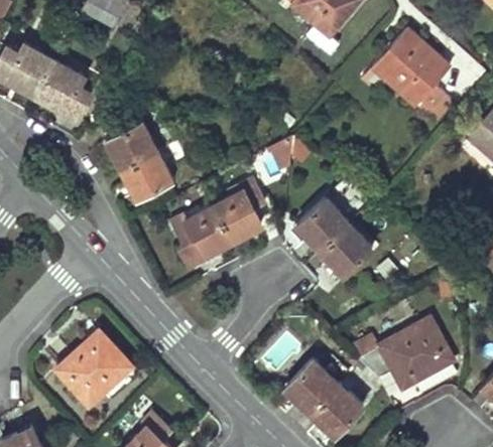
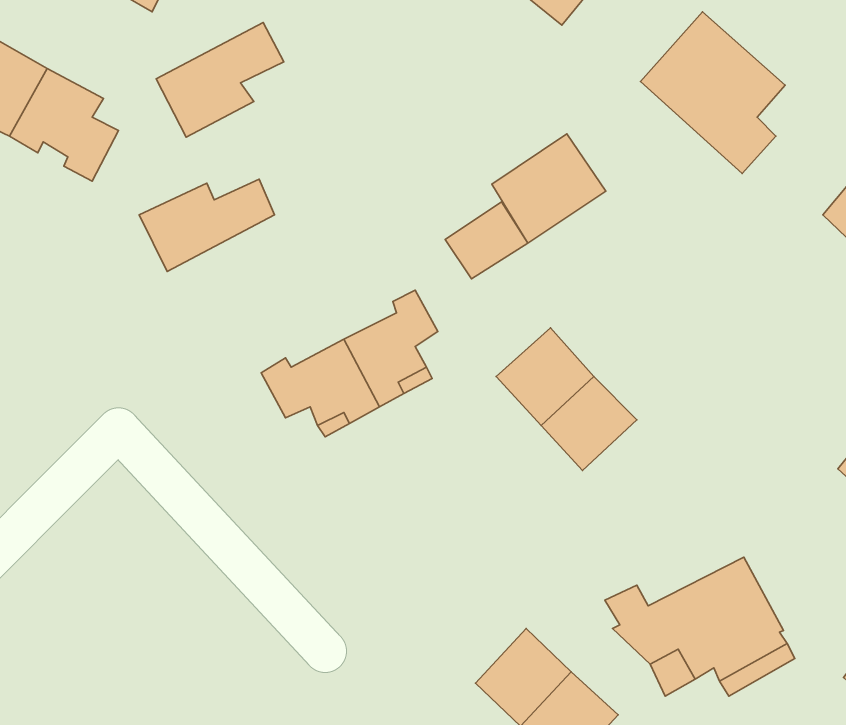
building: none -> [492,134,606,243]
building: [119,138,188,199] -> [156,23,284,137]
building: [56,331,138,404] -> none

